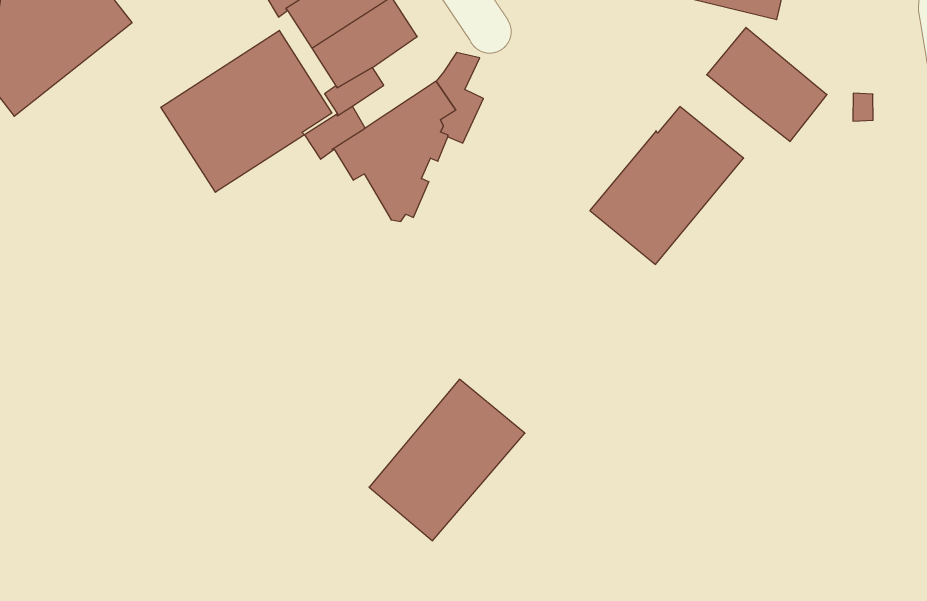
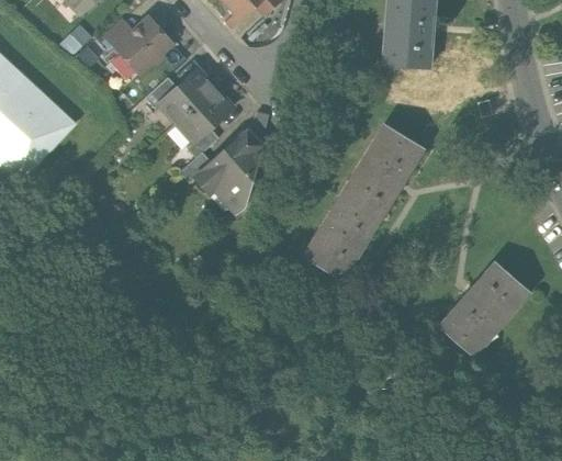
building: [707,27,827,142] -> none
building: [161,30,332,192] -> none
building: [369,379,525,541] -> [302,189,383,280]
building: none -> [439,262,530,357]

